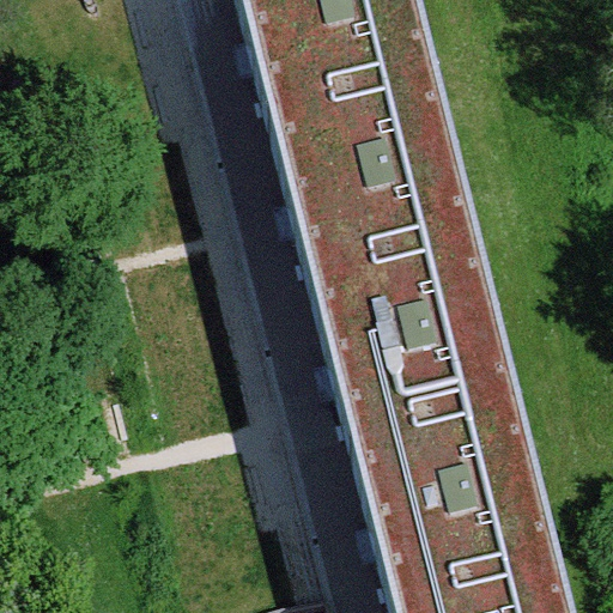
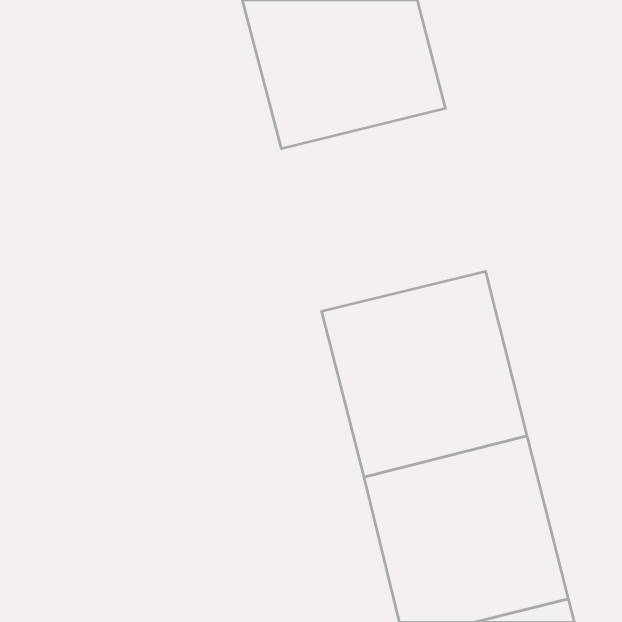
building: [277,107,478,306] -> none

